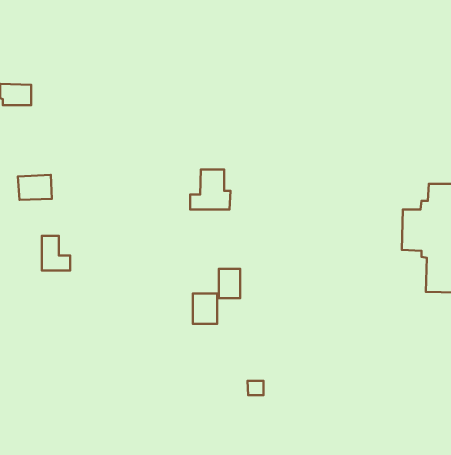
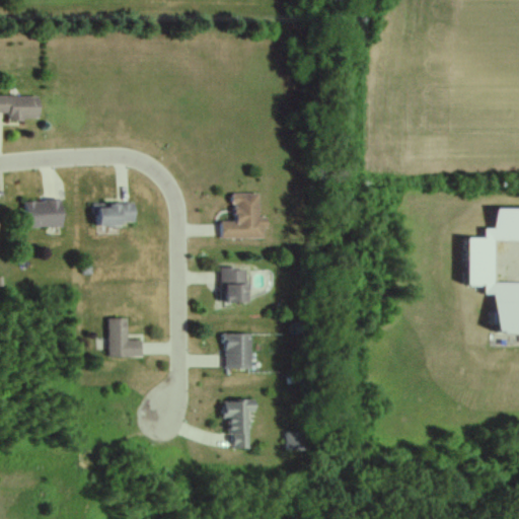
building: none -> [95,203,136,226]
building: [42,236,70,271] -> [108,318,141,358]
building: [219,269,240,298] -> [222,269,246,302]
building: none -> [224,399,251,448]

